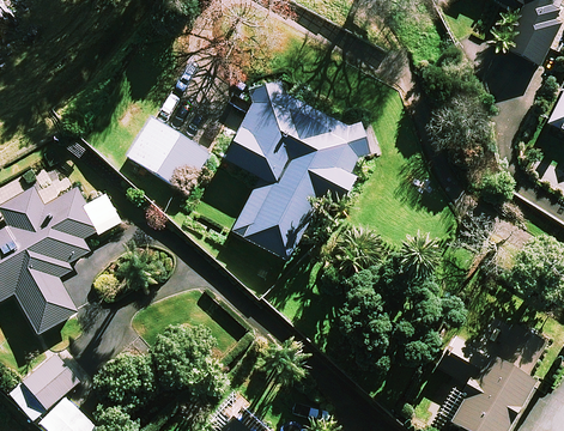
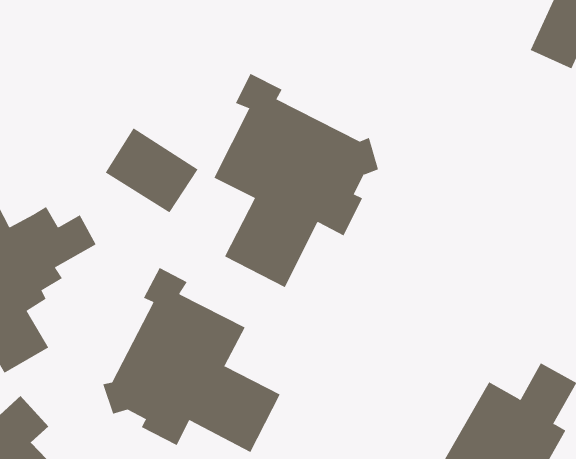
building: none -> [102,267,280,453]

